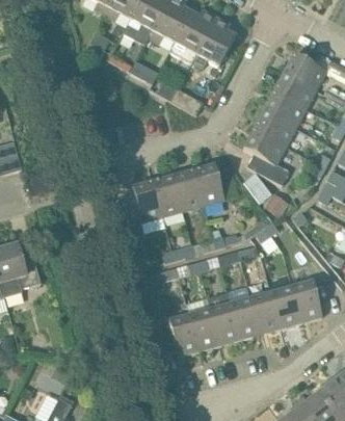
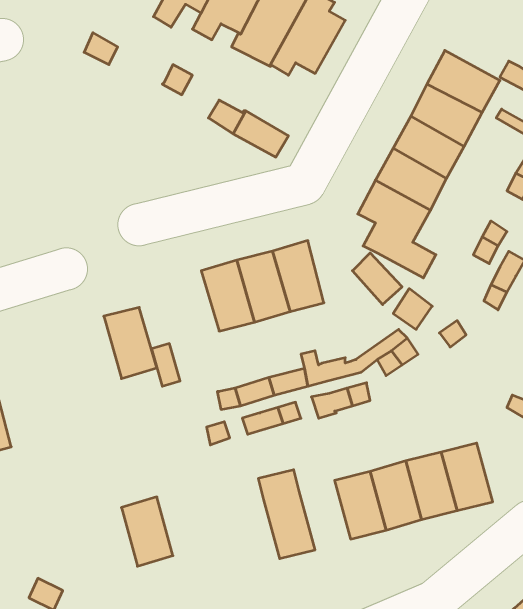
building: [132,181,163,222] -> [104,307,157,379]
building: [210,304,240,344] -> none
building: [168,315,198,356] -> [121,497,173,566]

